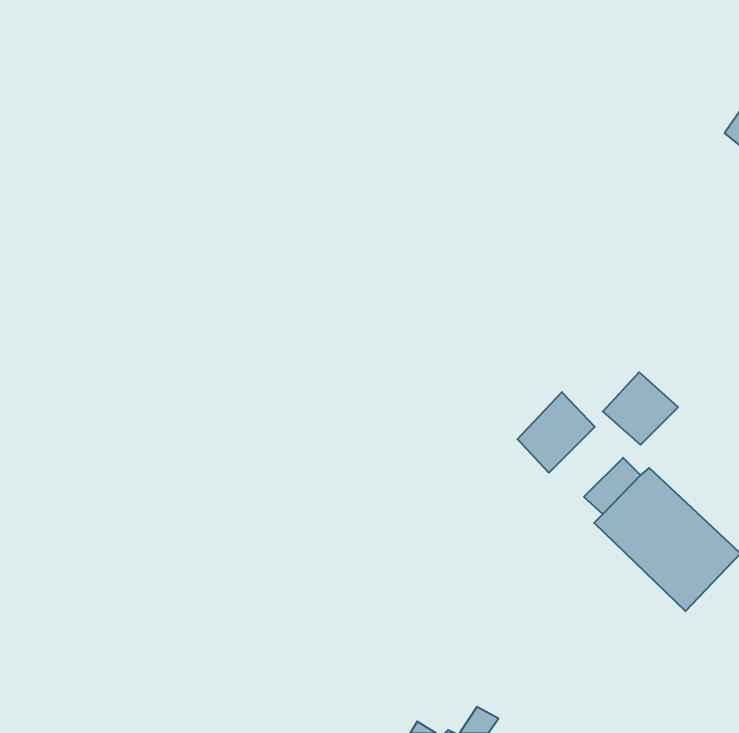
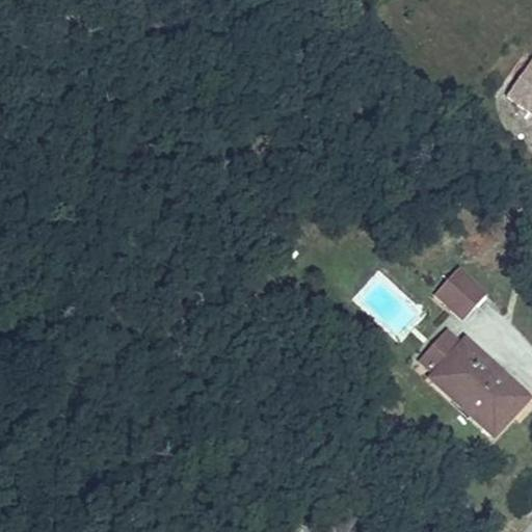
building: [517,392,595,473] -> none

